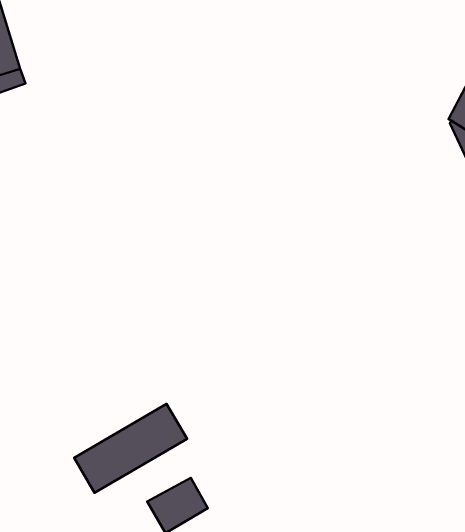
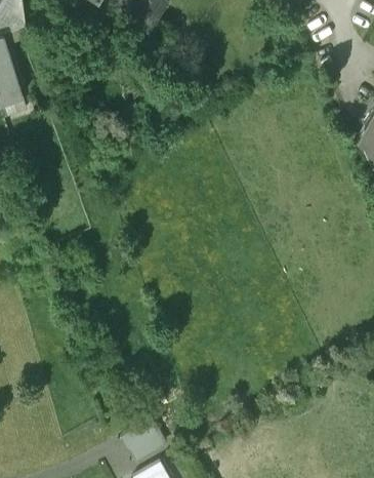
building: [74,404,187,493] -> none

